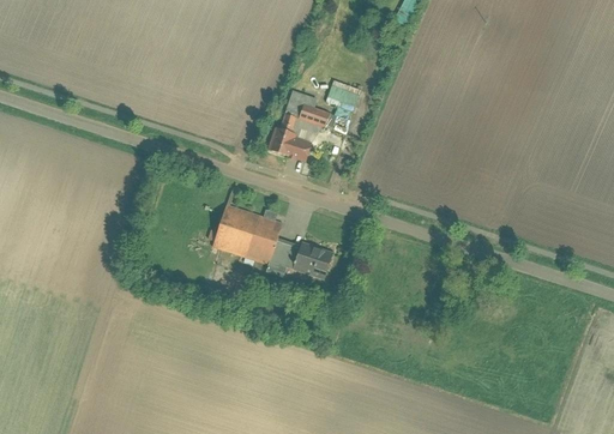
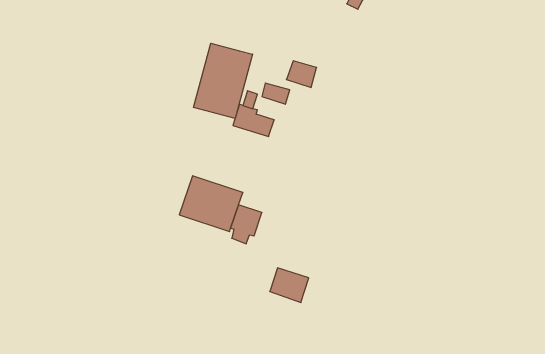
building: none -> [193,43,253,118]
building: [291,242,333,279] -> [270,268,309,303]

